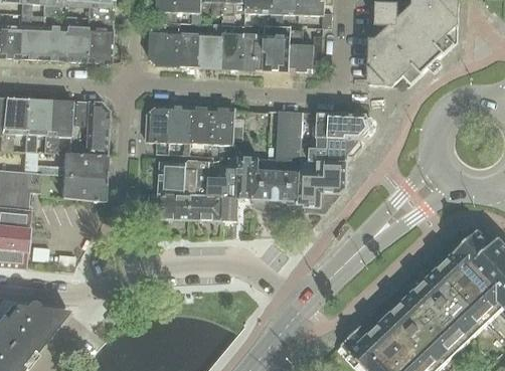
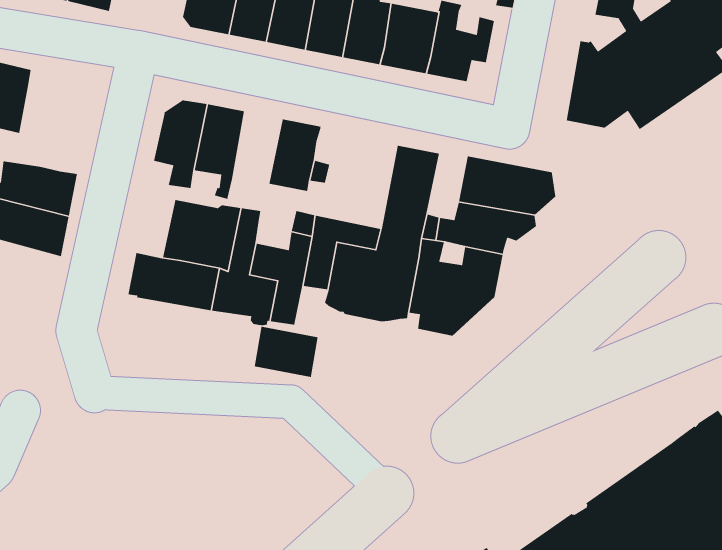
building: [72,101,108,154] -> none
building: [190,106,212,144] -> none
building: none -> [254,326,319,378]

